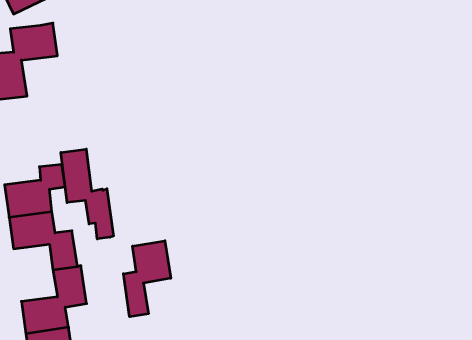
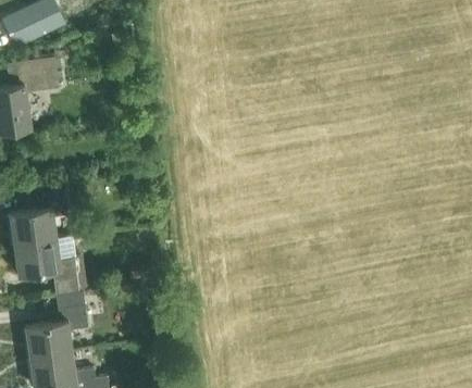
building: [61,149,113,239] -> none
building: [123,241,171,317] -> none

